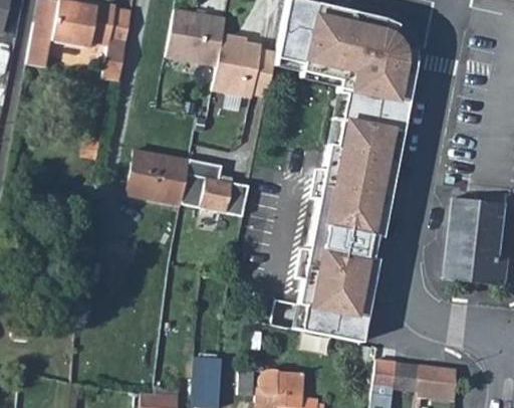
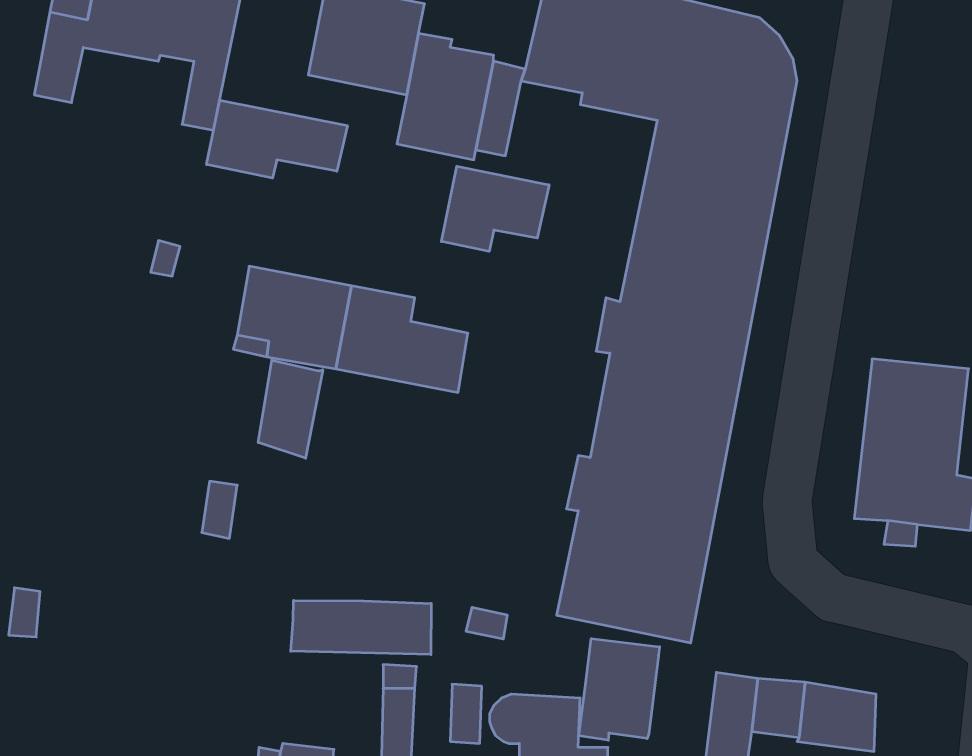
building: none -> [207,100,347,178]
building: none -> [441,166,549,251]
building: none -> [258,360,323,458]
building: none -> [291,600,431,655]
building: none -> [579,639,660,740]

